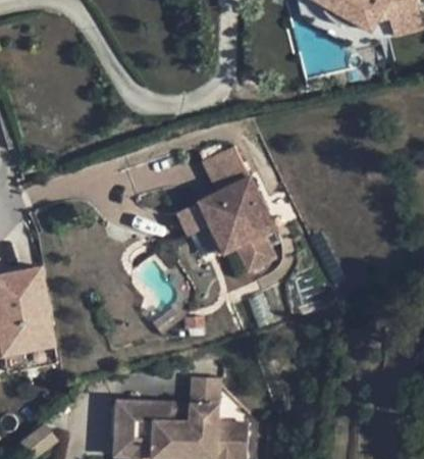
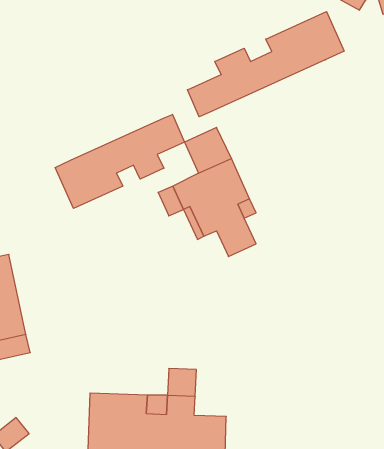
building: none -> [187,12,344,117]
building: none -> [55,114,185,208]

